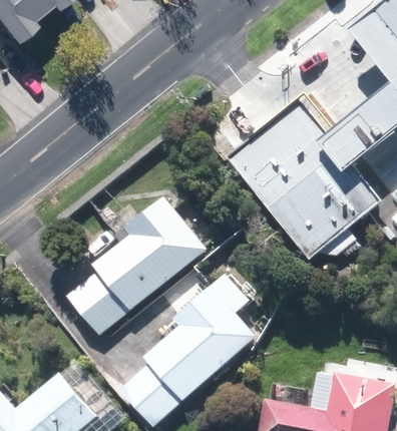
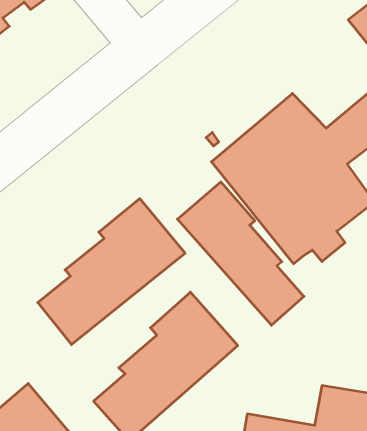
building: none -> [177,182,304,325]

